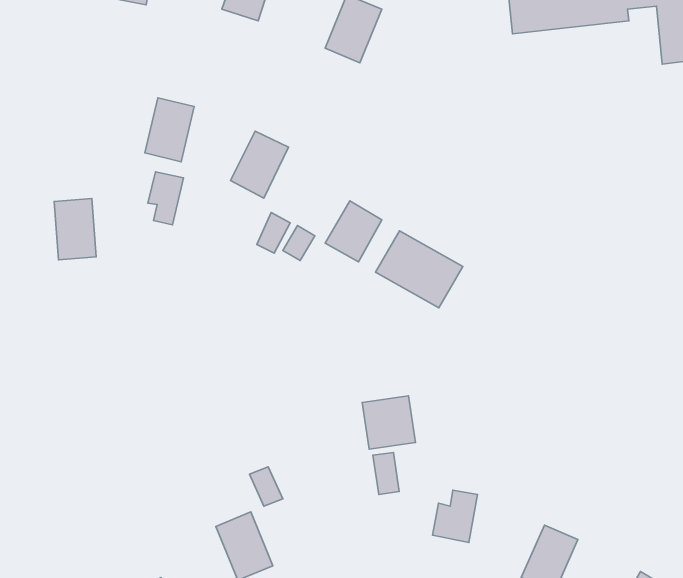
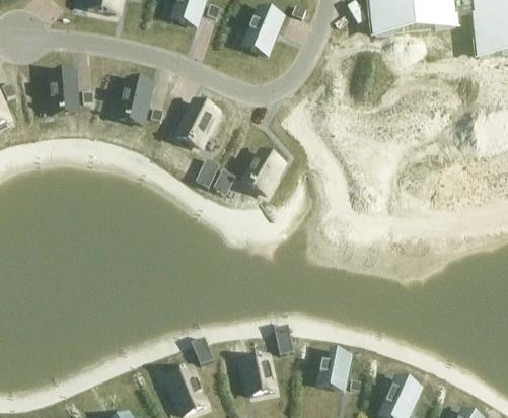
building: [148,172,184,225] -> none
building: [54,199,96,260] -> [48,70,77,113]
building: [376,231,463,308] -> none
building: [362,396,416,449] -> none
building: none -> [241,355,274,394]

